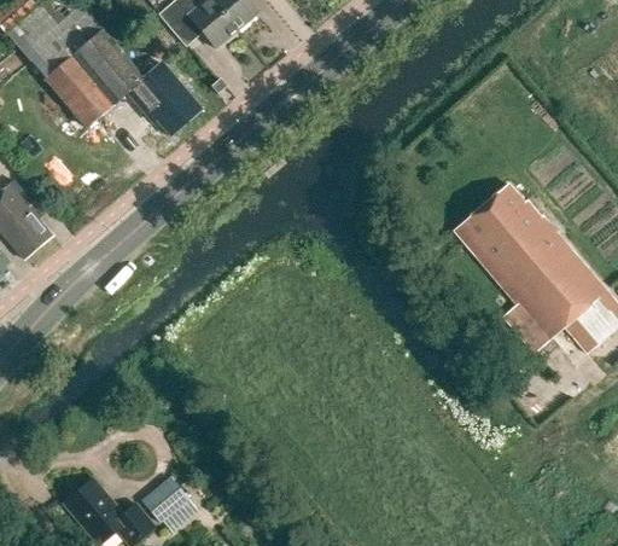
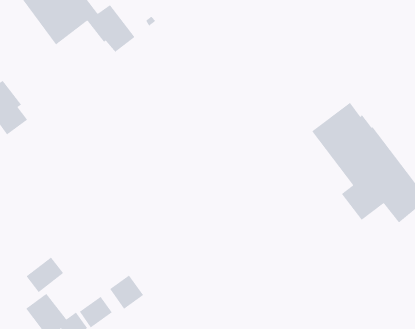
building: none -> [25,256,64,293]
building: none -> [109,275,144,310]

